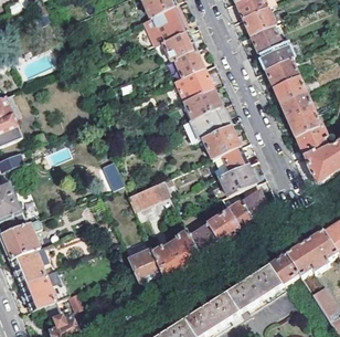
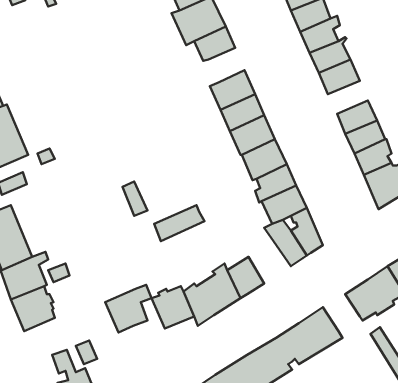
building: [174,48,204,76] -> none
building: [274,75,307,103] -> none
building: [208,209,243,244] -> none
building: [269,253,300,284] -> none
building: [21,270,60,309] -> [105,285,152,332]

